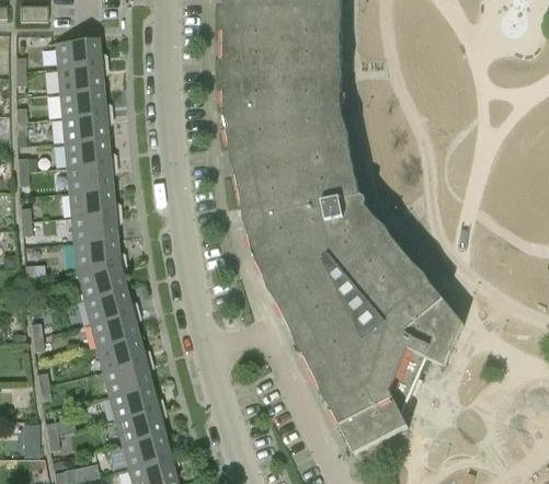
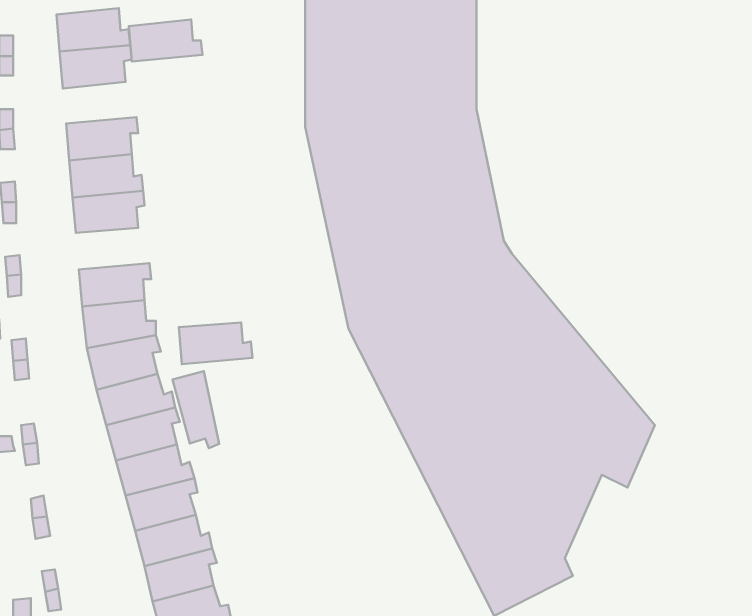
building: [58,88,108,116] -> [129,20,203,61]
building: [67,187,117,216] -> [179,322,253,364]
building: none -> [172,371,219,448]

